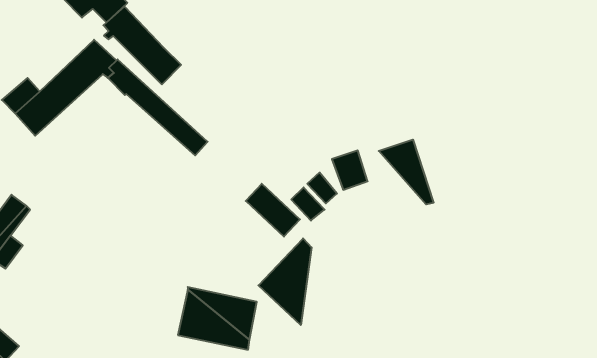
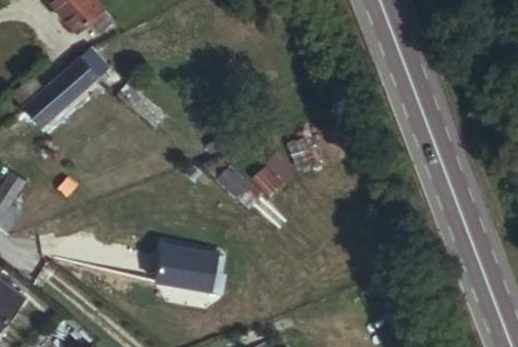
building: [103,7,181,84] -> none
building: [379,140,434,204] -> none
building: [258,238,312,325] -> none

